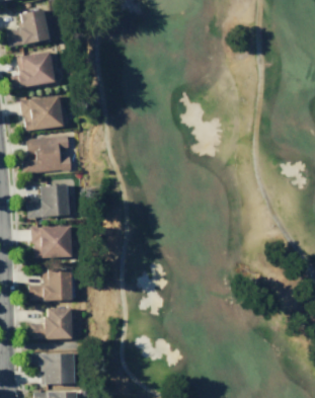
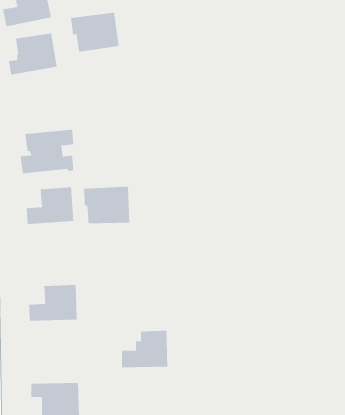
building: [20,95,63,130] -> [70,12,120,52]
building: [30,225,71,257] -> [83,186,130,224]
building: [31,307,72,339] -> [121,330,168,368]

